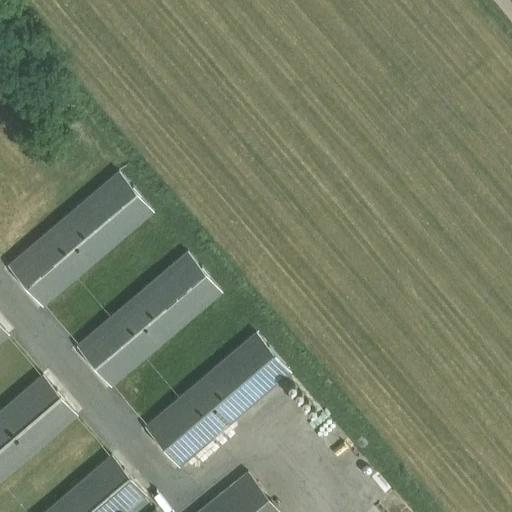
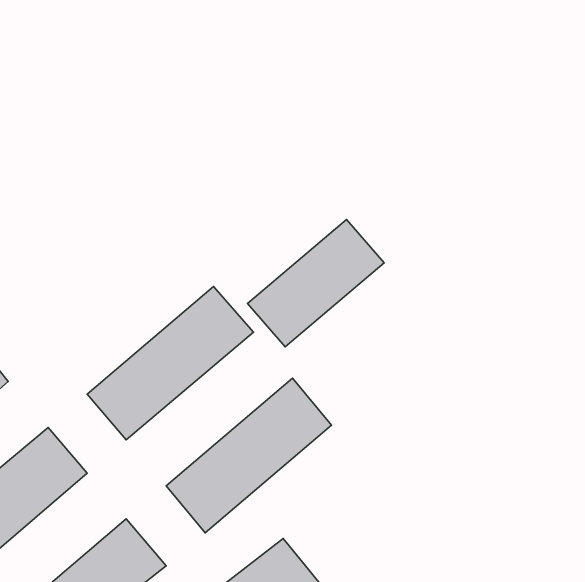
building: [7,172,152,307] -> none
building: none -> [247,219,384,347]

